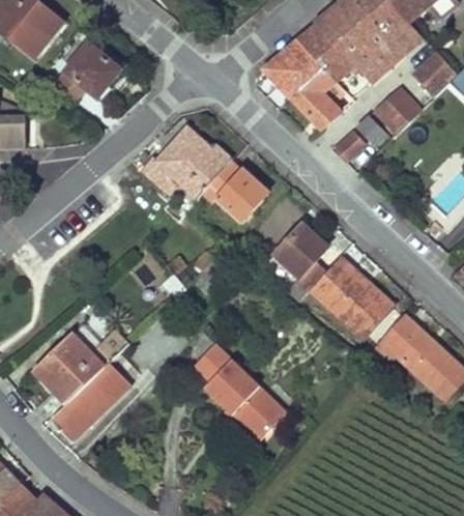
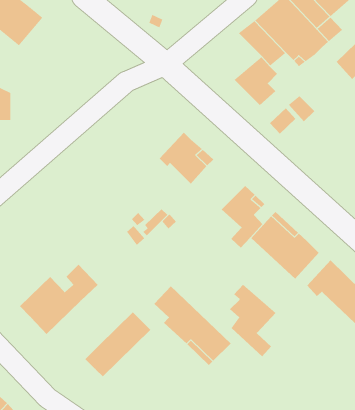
building: [264,41,324,97] -> none
building: [55,45,120,101] -> none
building: [376,88,421,134] -> none
building: [140,127,231,197] -> none
building: none -> [229,284,276,357]
building: [50,363,129,441] -> [85,312,151,377]

